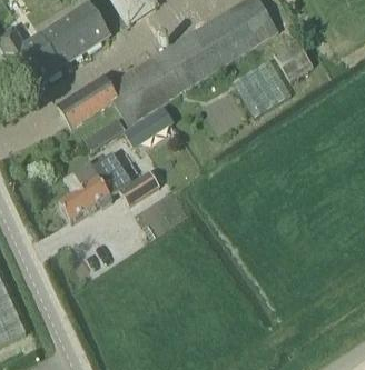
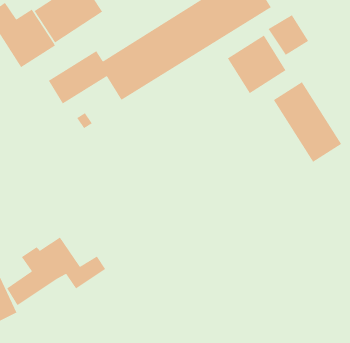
building: none -> [273,81,342,163]
building: [124,107,171,146] -> none
building: [58,152,157,221] -> [6,236,106,306]

